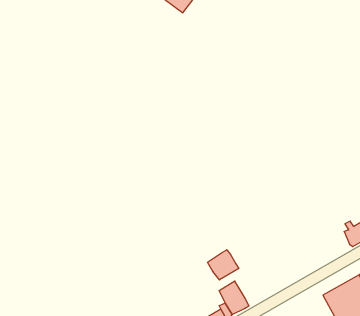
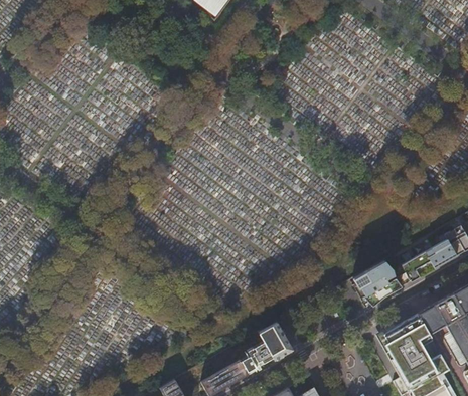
building: none -> [361,262,398,296]
building: [208,250,239,280] -> none

